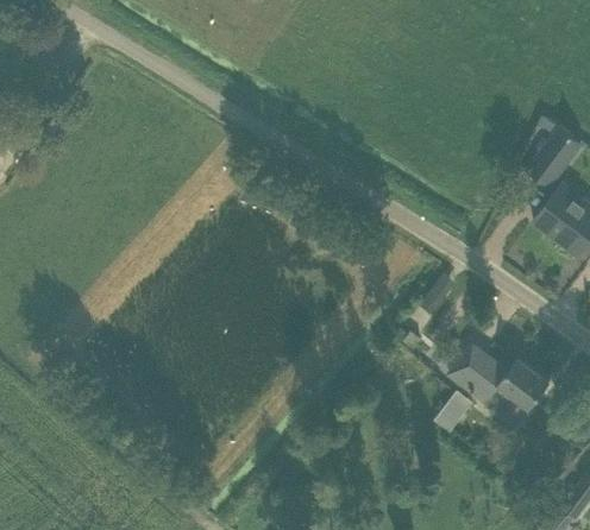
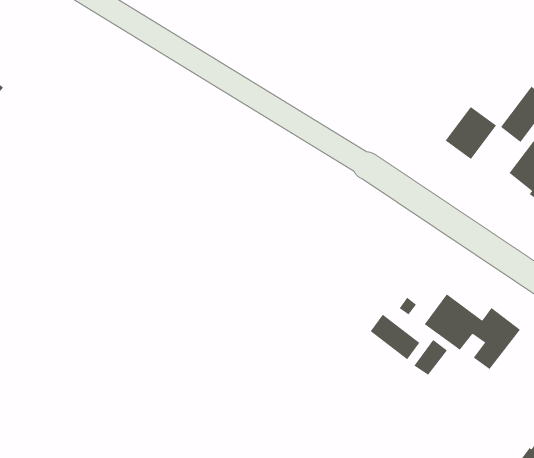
building: none -> [445,106,497,160]
building: none -> [370,314,420,360]

